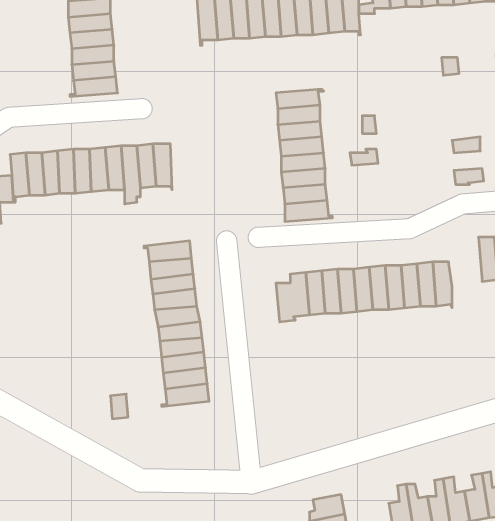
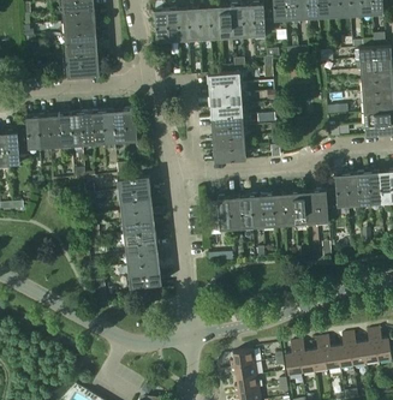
building: none -> [326,174,349,208]

